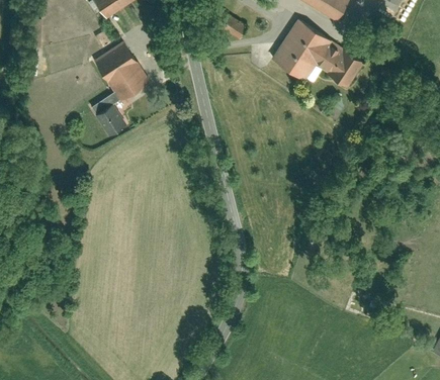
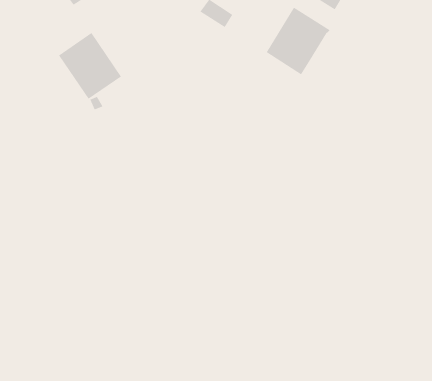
building: [314,41,362,86] -> none
building: [94,103,126,135] -> none

